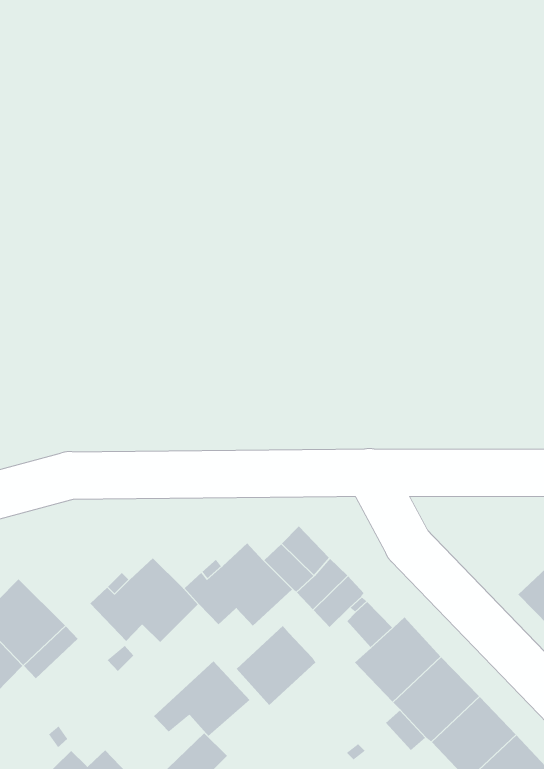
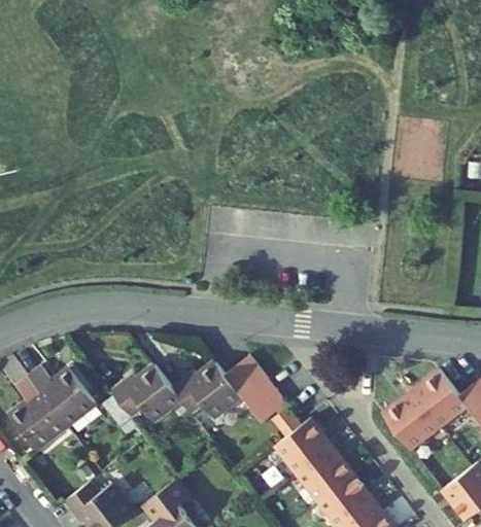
building: [236,625,316,706] -> none
building: [153,661,251,737] -> none

